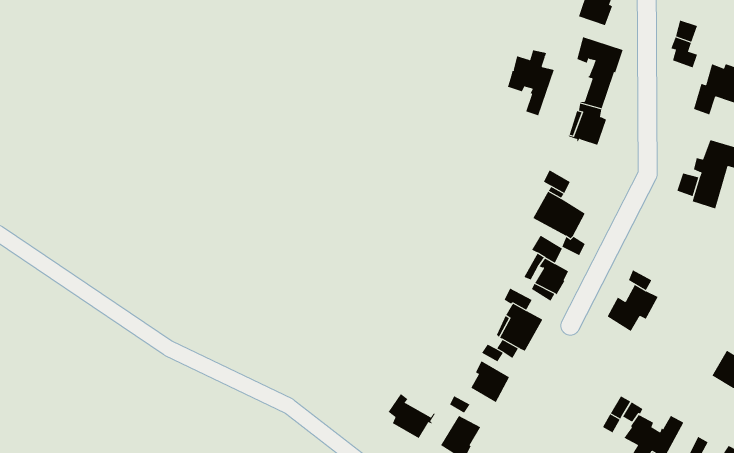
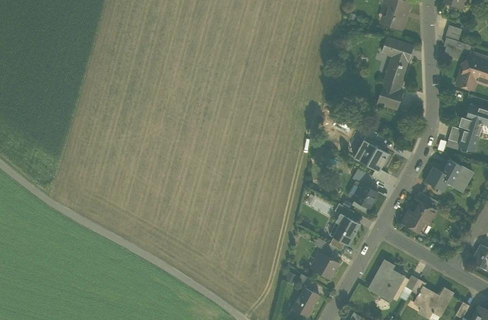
building: [507,50,554,116] -> none
building: none -> [425,159,470,191]
building: none -> [368,259,405,298]
building: [388,393,436,439] -> none

